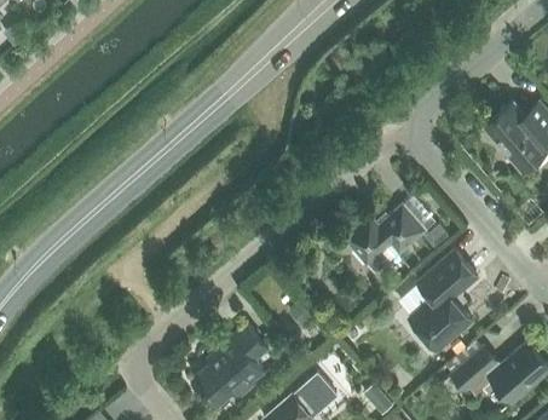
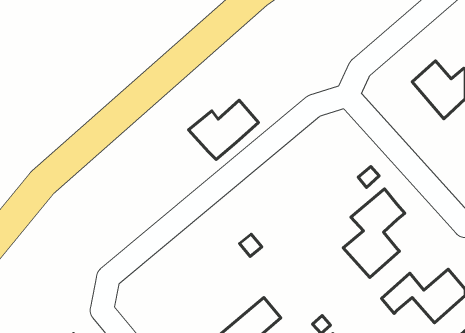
building: [345,205,425,272] -> [189,100,258,159]
building: [195,324,267,405] -> none

